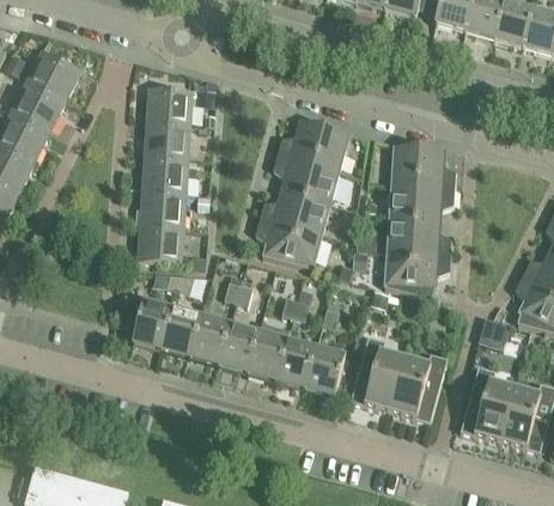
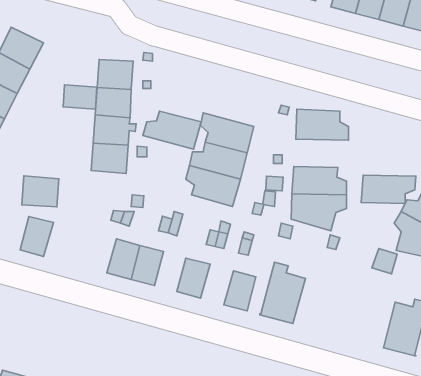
building: none -> [63,85,97,109]
building: [279,123,351,170] -> [143,111,201,149]
building: [390,185,457,220] -> [361,175,416,204]
building: [139,224,184,262] -> [22,176,59,207]
building: [132,300,172,349] -> [20,217,53,257]
building: [219,323,257,372] -> none
building: [275,339,316,389] -> none
building: [389,353,445,422] -> none
building: [458,366,515,441] -> none

